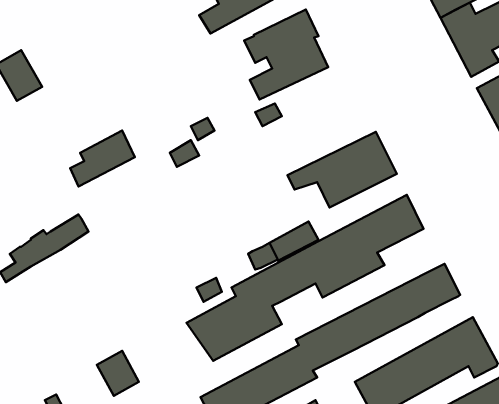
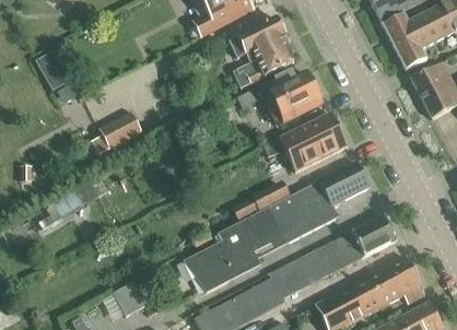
building: none -> [259,71,324,125]

